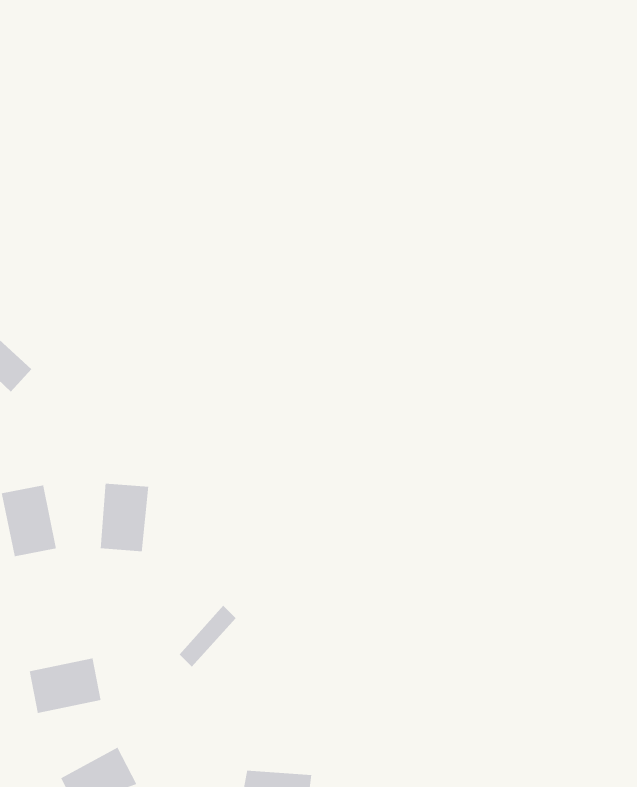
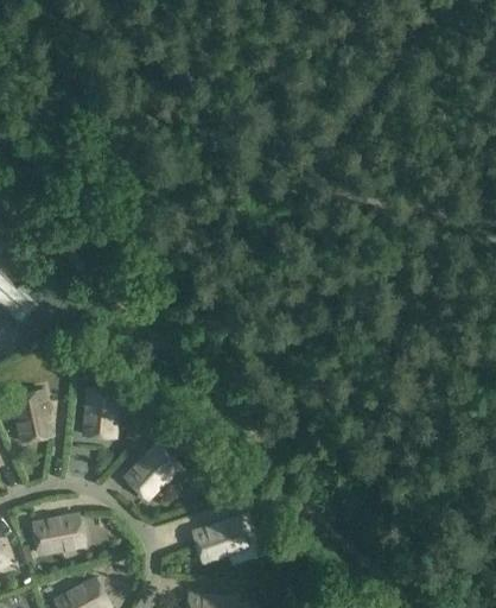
building: none -> [125,442,179,499]
building: none -> [192,517,247,560]

